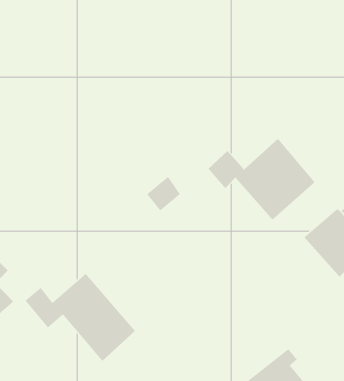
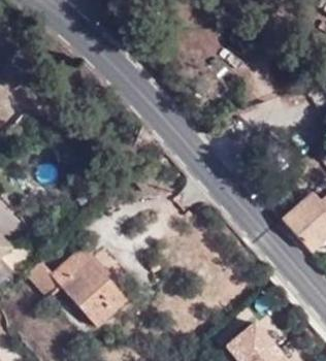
building: [207,138,316,220] -> none

